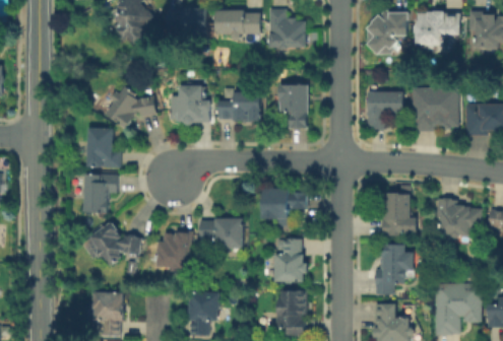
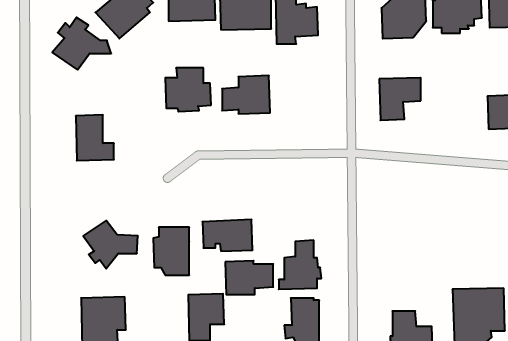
building: [98,76,152,125] -> [52,17,111,70]
building: [275,79,308,125] -> none
building: [412,87,460,133] -> none
building: [74,172,116,212] -> none
building: [263,190,308,221] -> [225,261,273,295]
building: [381,191,412,234] -> none
building: [432,192,479,233] -> none
building: [373,243,405,295] -> none

